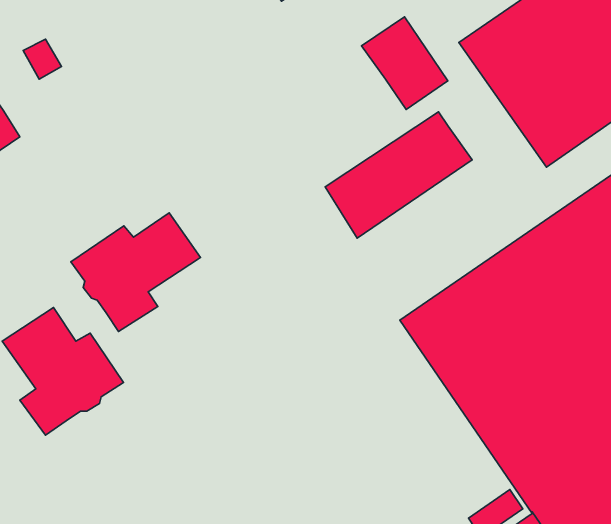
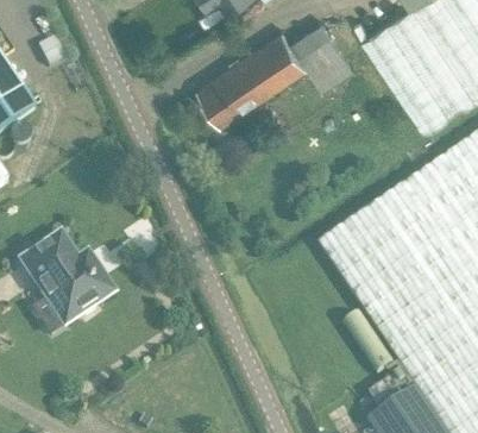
building: [325,112,472,238] -> [197,33,307,127]
building: [71,213,201,332] -> none

